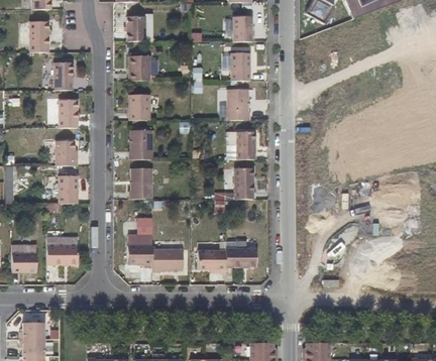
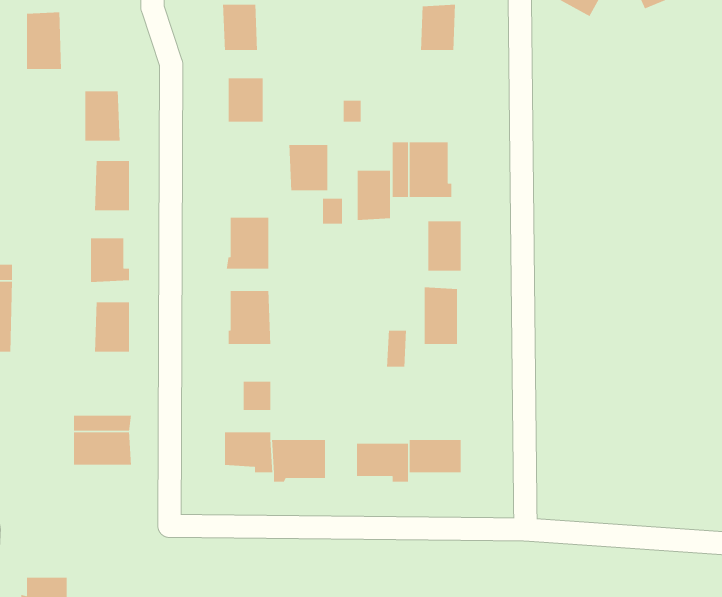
building: [231,53,249,81] -> [357,170,391,221]
building: [129,95,150,120] -> [288,144,328,191]
building: [13,253,37,271] -> none

